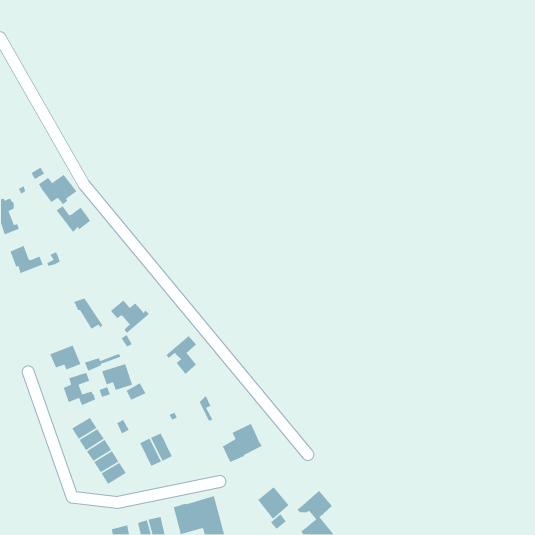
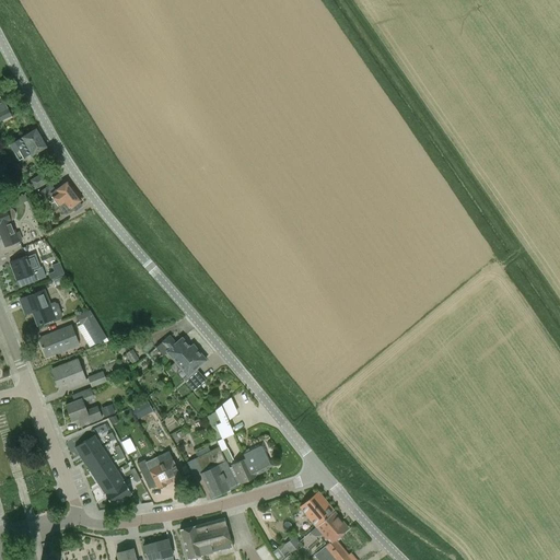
building: none -> [9,129,46,159]
building: [55,205,91,233] -> none
building: none -> [19,290,62,325]
building: [110,299,150,334] -> [155,335,197,371]
building: none -> [40,326,78,357]
building: [101,363,133,391] -> none
building: none -> [186,446,236,498]
building: [257,486,290,520] -> [300,492,334,527]

